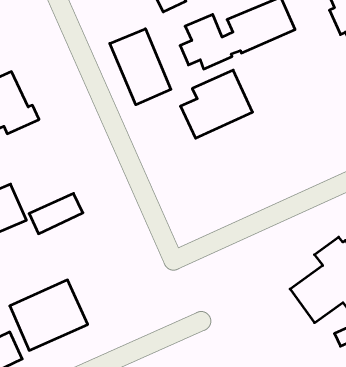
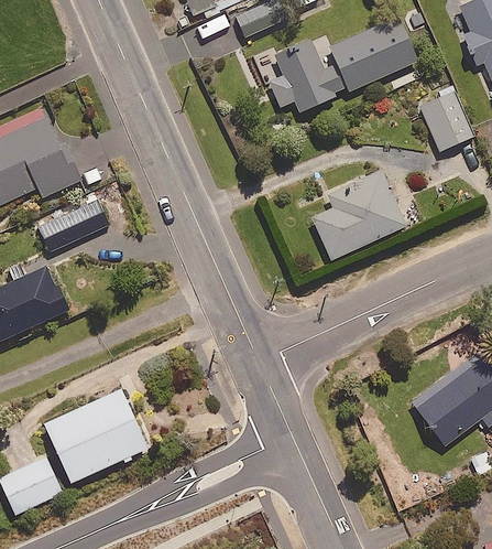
building: [110,29,171,105] -> none
building: none -> [419,89,473,151]
building: [180,70,253,138] -> [311,170,406,259]
building: [29,193,83,234] -> [39,200,109,252]

